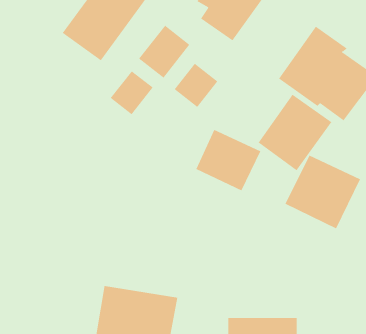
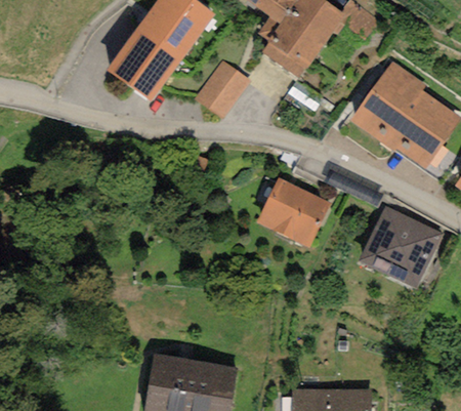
building: [174,63,218,108] -> none
building: [110,70,153,115] -> none
building: [258,94,332,171] -> none

